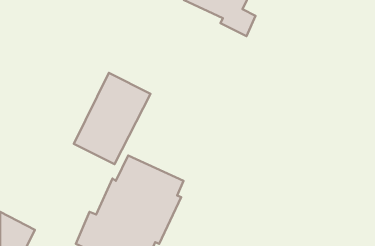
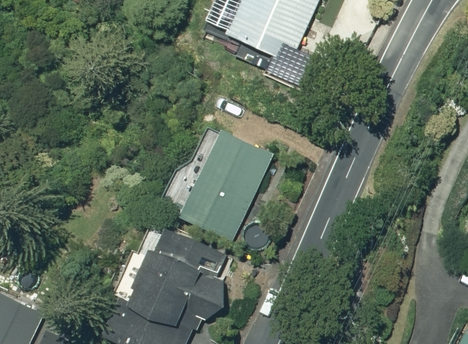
building: [74,73,150,164] -> [178,129,272,241]

